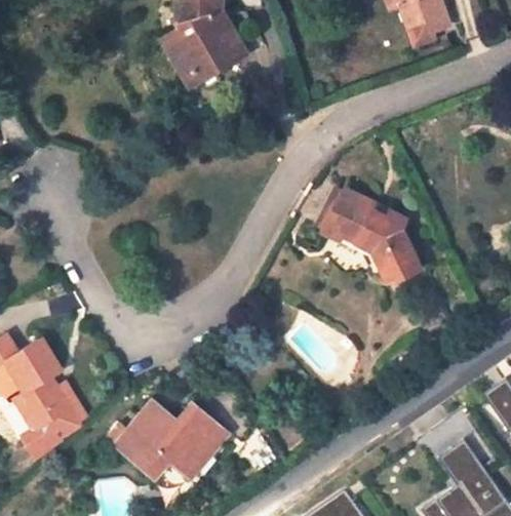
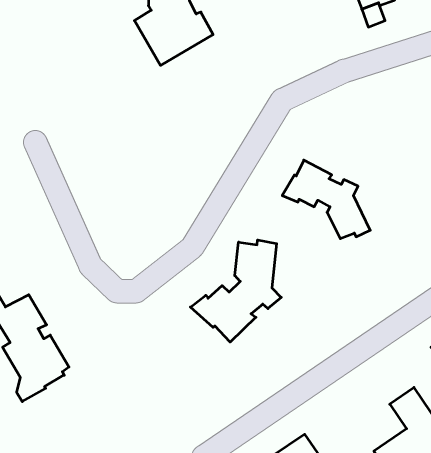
building: none -> [190,240,281,342]
building: [115,400,228,478] -> none

